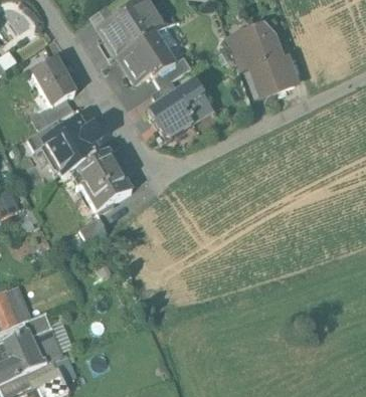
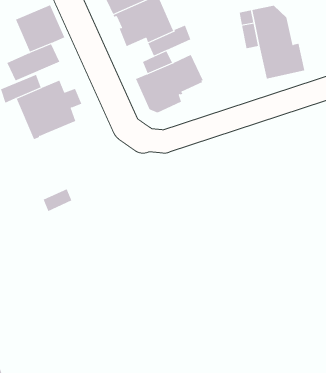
building: [74,149,132,211] -> none

